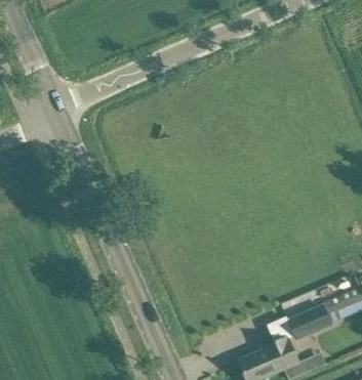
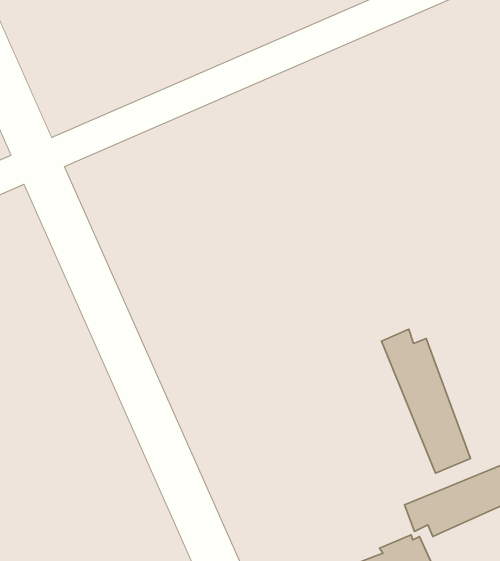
building: none -> [382,329,470,473]

